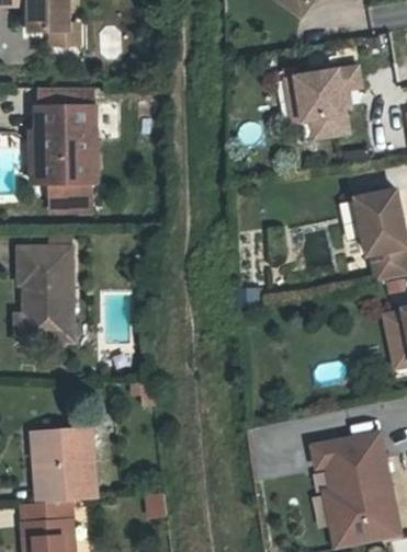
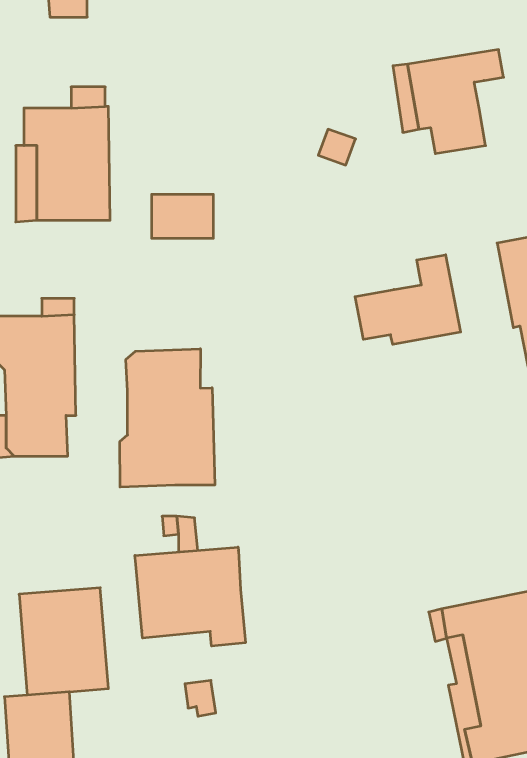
building: [49,181,91,210] -> [152,194,213,238]
building: none -> [355,255,461,344]
building: none -> [120,349,215,487]
building: none -> [135,547,245,646]

